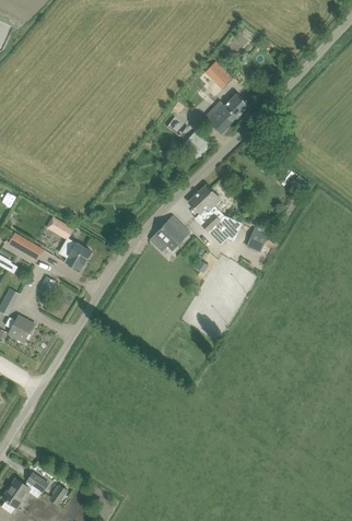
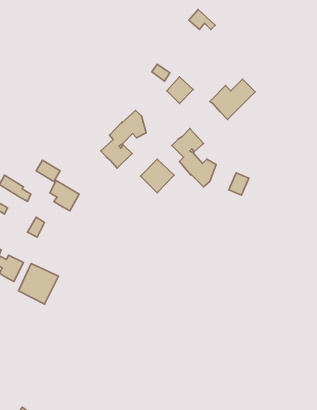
building: [203,92,250,133] -> [210,79,255,119]
building: none -> [101,110,146,168]
building: none -> [18,264,59,304]

